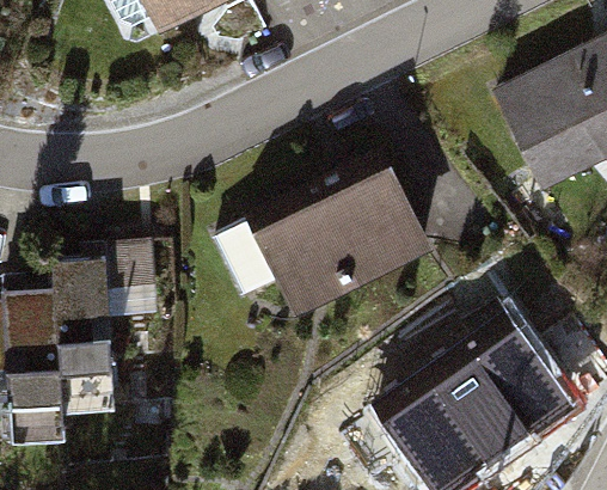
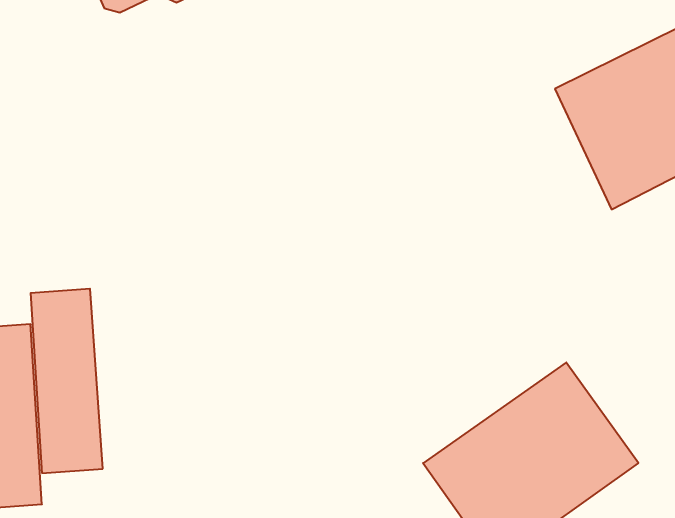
building: [207,160,427,310] -> none

